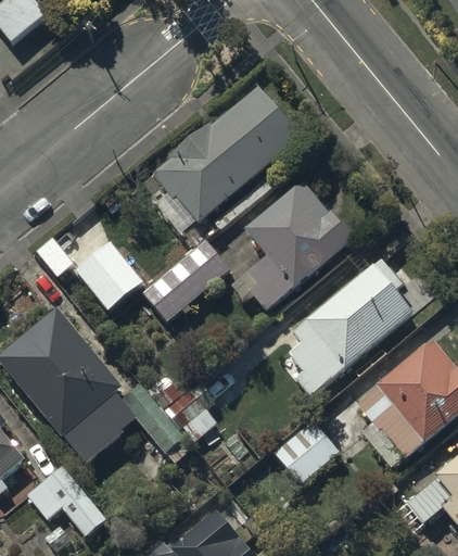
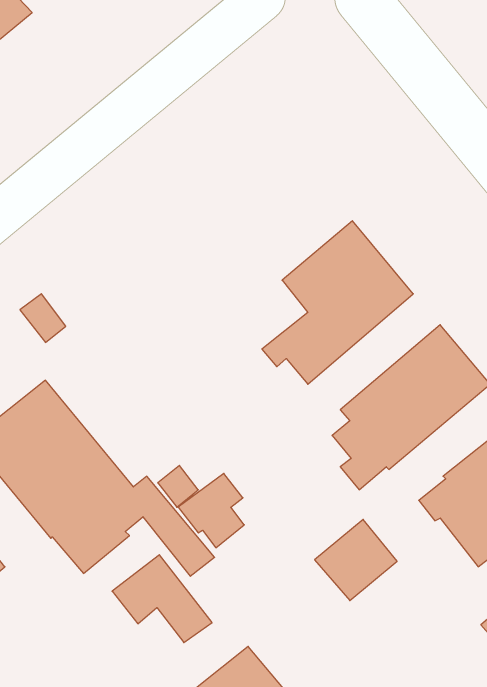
building: [152,86,301,233] -> none
building: [74,240,142,311] -> none
building: [143,240,228,320] -> none
building: [26,465,106,535] -> [112,555,212,643]

